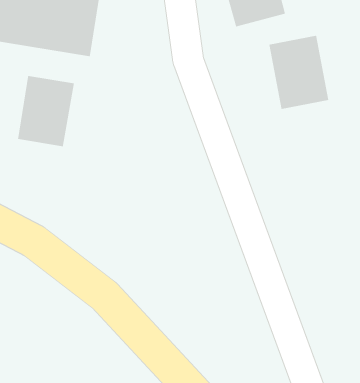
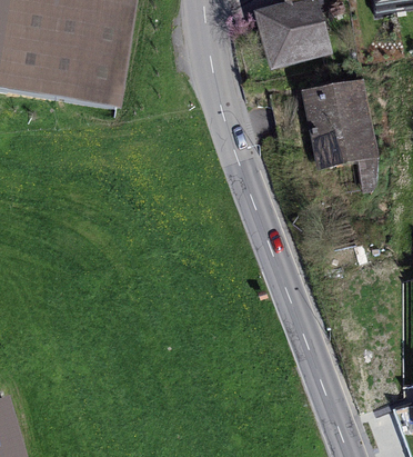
building: [17,75,74,147] -> none

